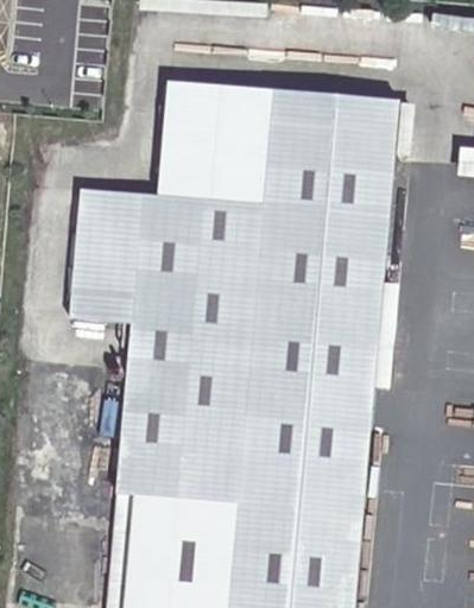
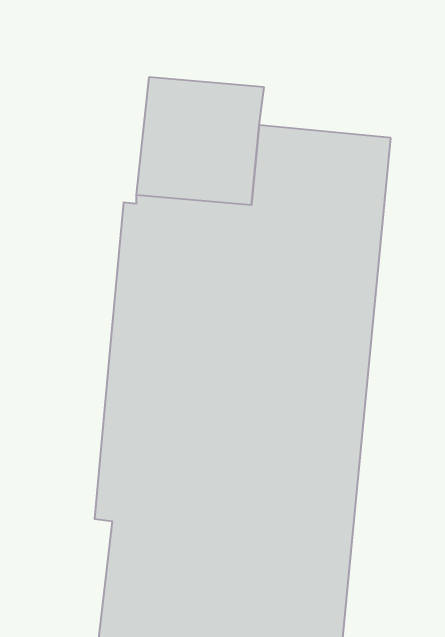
building: [272,87,399,134] -> none
building: [70,189,145,323] -> none

